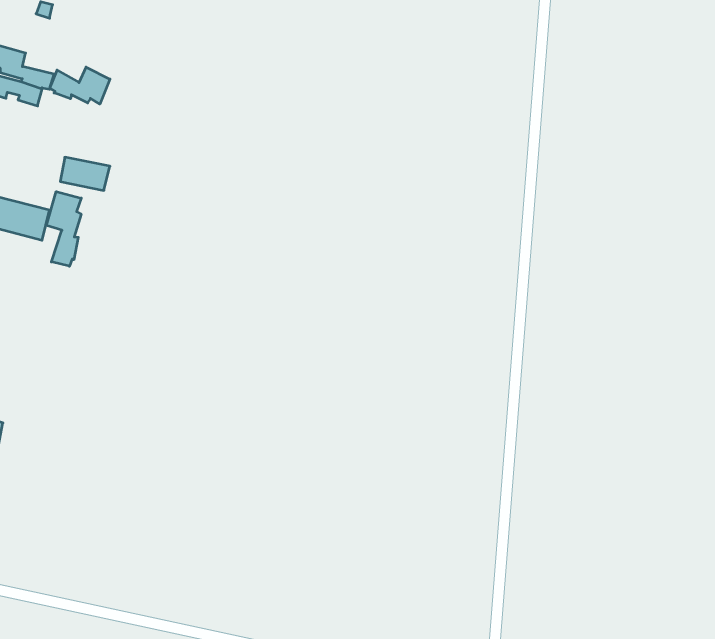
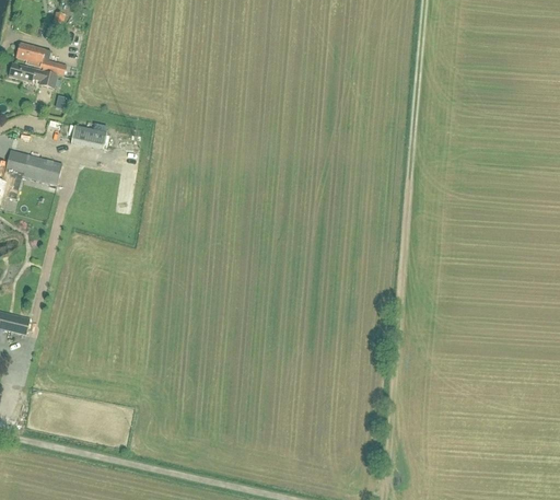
building: [50,67,110,104] -> none
building: [46,192,81,266] -> none

